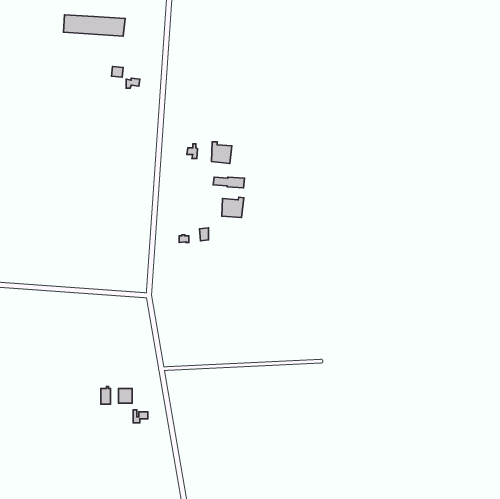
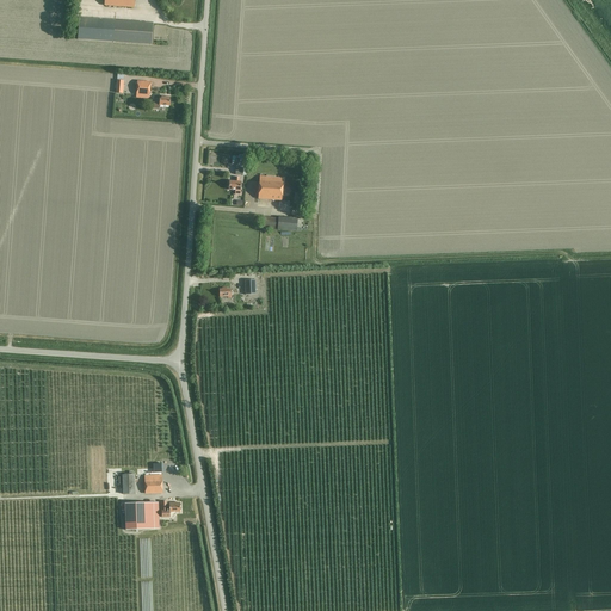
building: [222,197,244,217] -> none
building: none -> [122,501,159,527]

